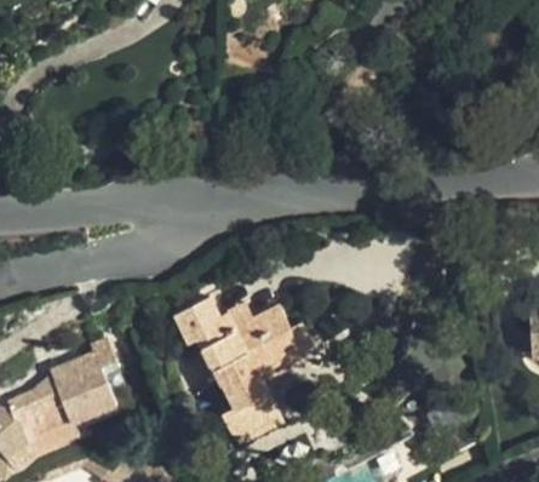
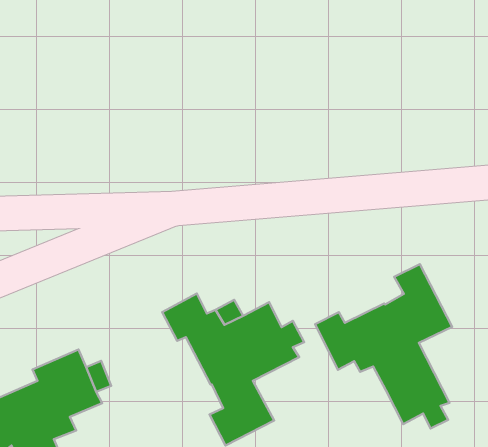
building: none -> [315,264,452,428]

